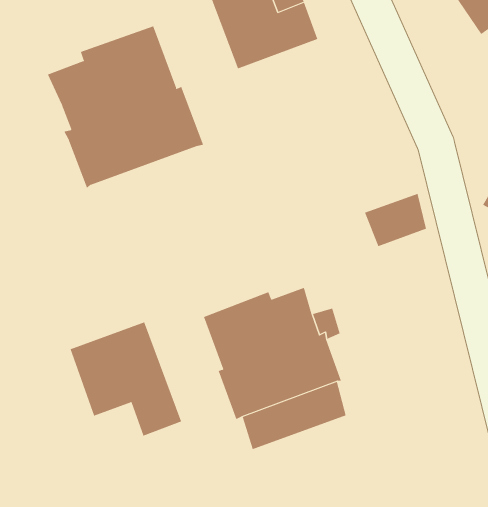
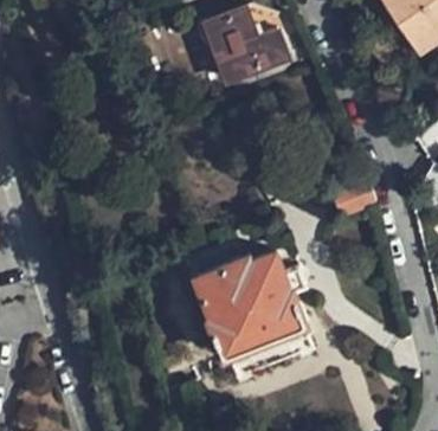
building: [47,26,204,189] -> none
building: [70,322,182,437] -> none

